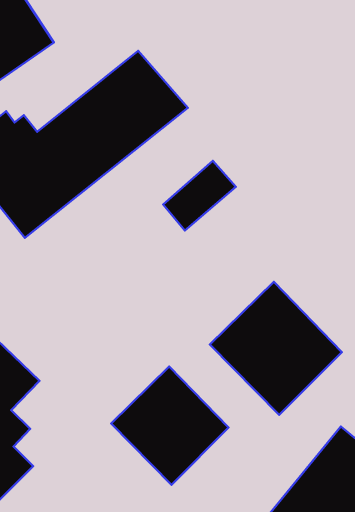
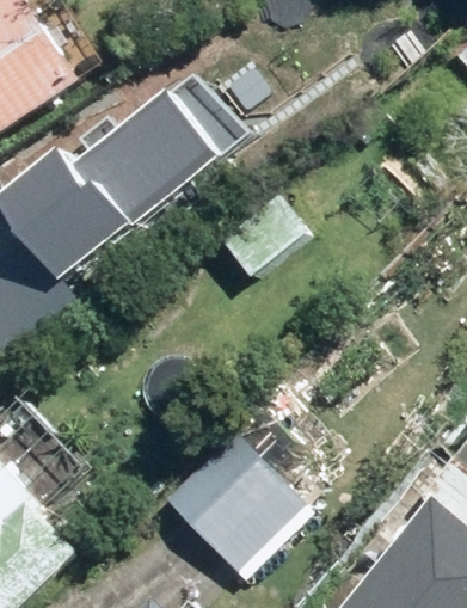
building: [210,282,342,415] -> none

